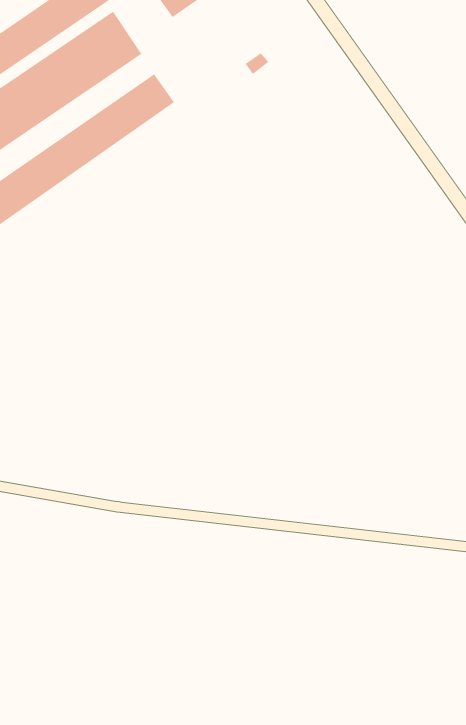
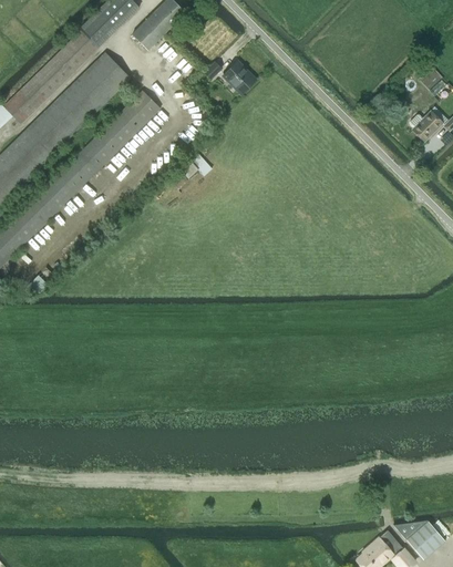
building: none -> [223,61,255,93]

